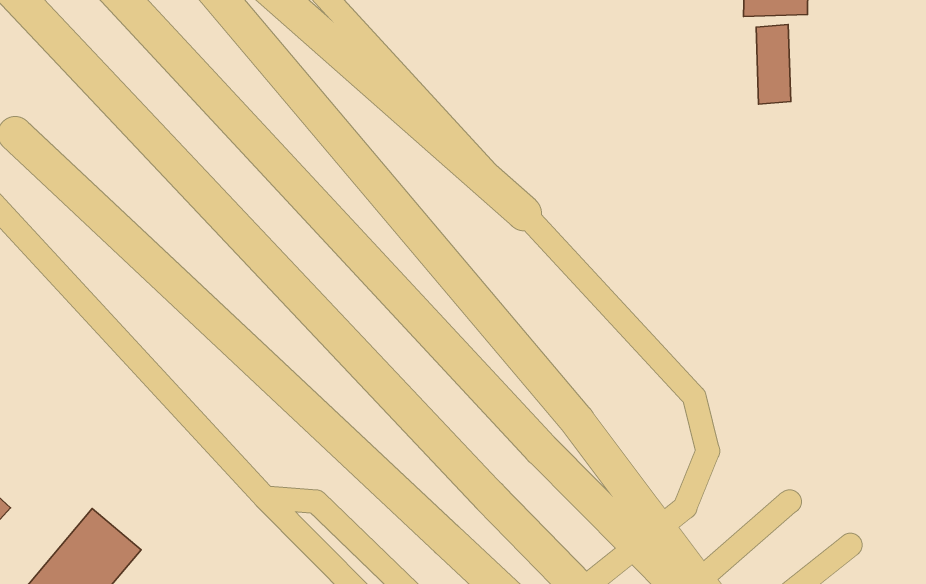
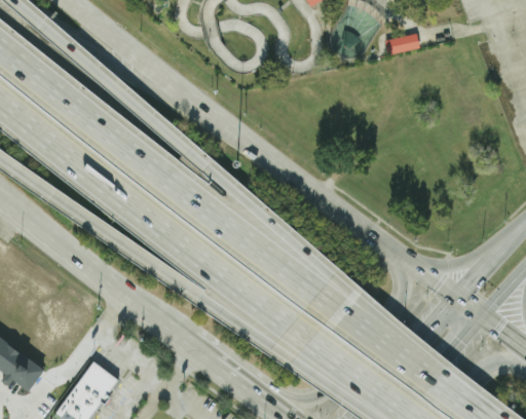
building: [756,25,791,104] -> none

